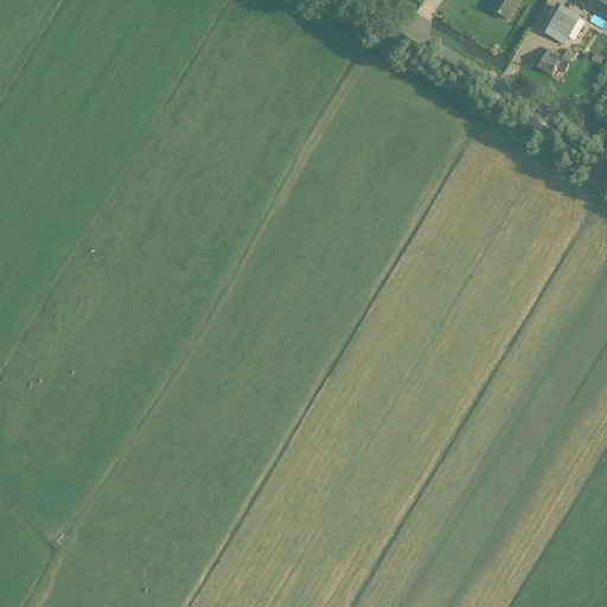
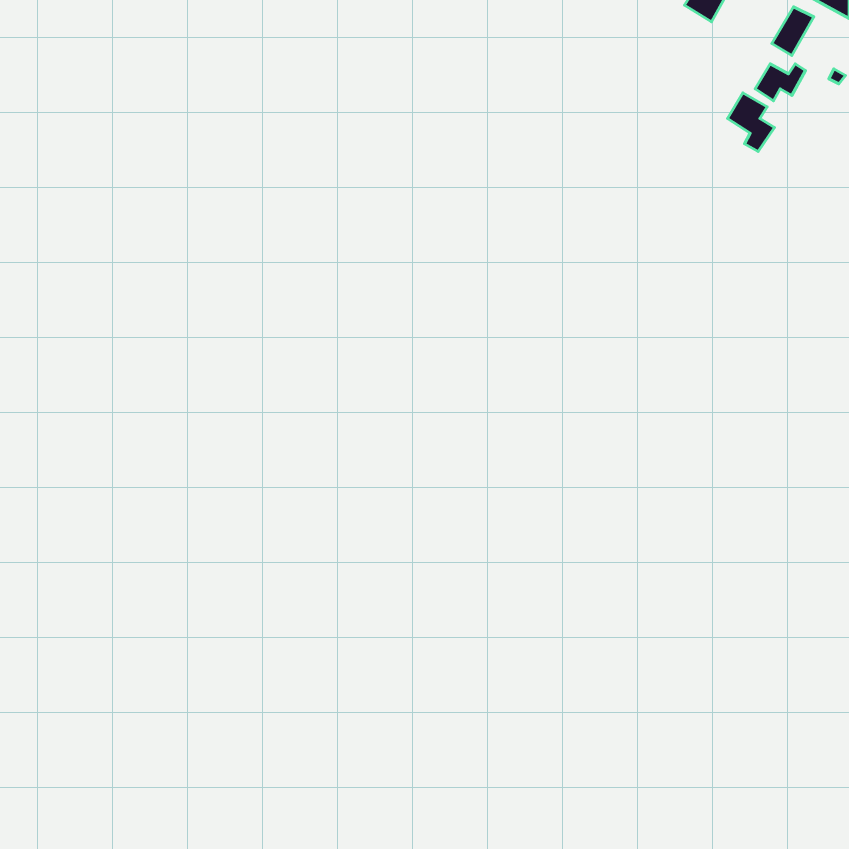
building: none -> [728,93,775,151]

